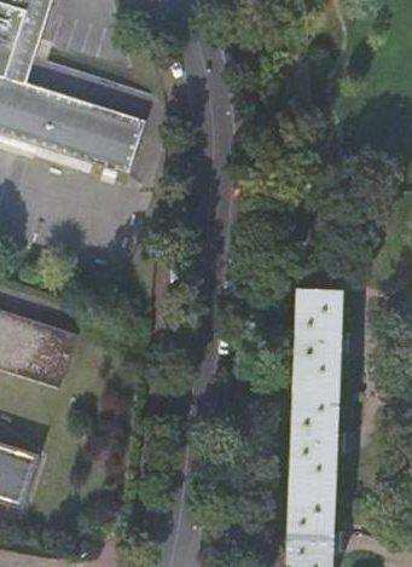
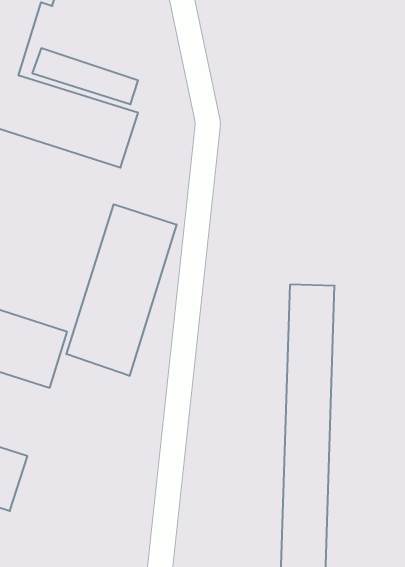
building: none -> [66,204,177,376]

